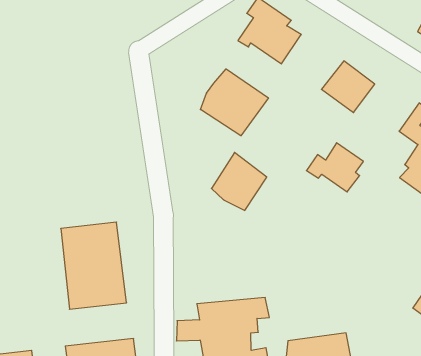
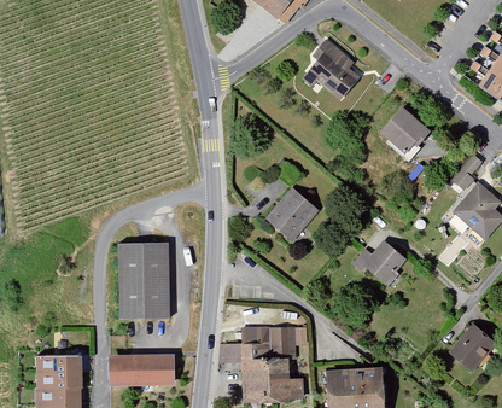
building: [200,69,268,136] -> none
building: [306,143,363,192] -> [352,240,408,288]

